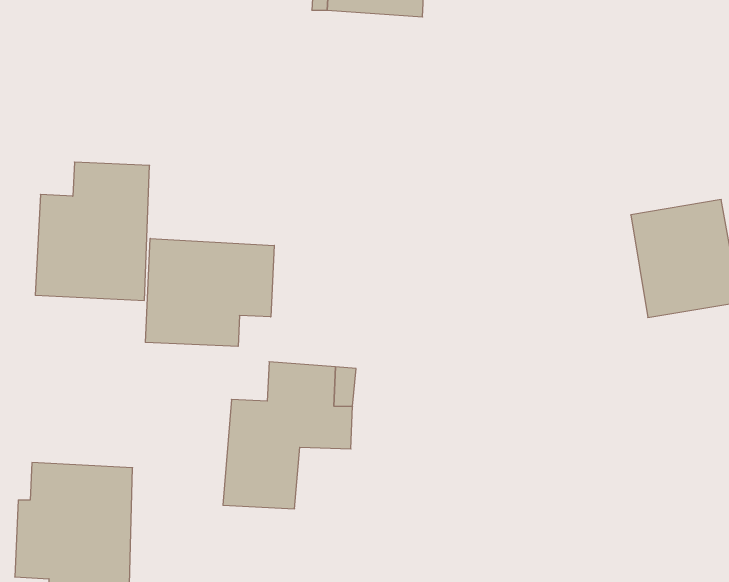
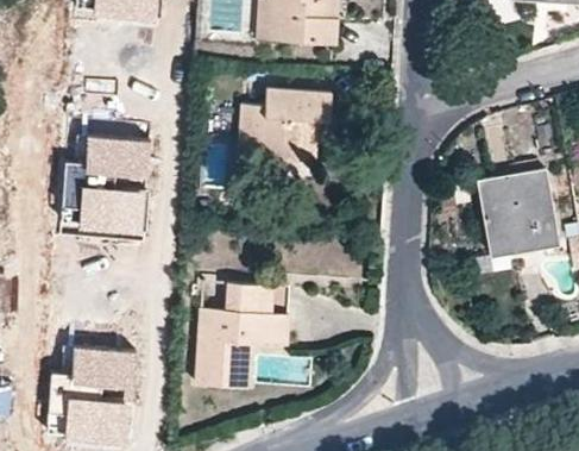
building: none -> [239,88,331,158]
building: [145,238,274,346] -> none

